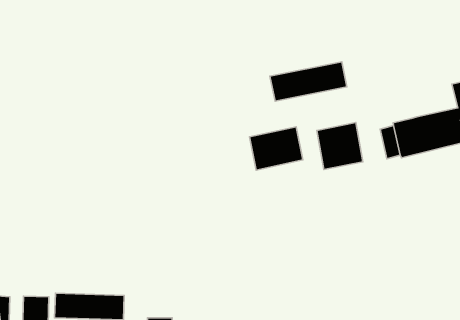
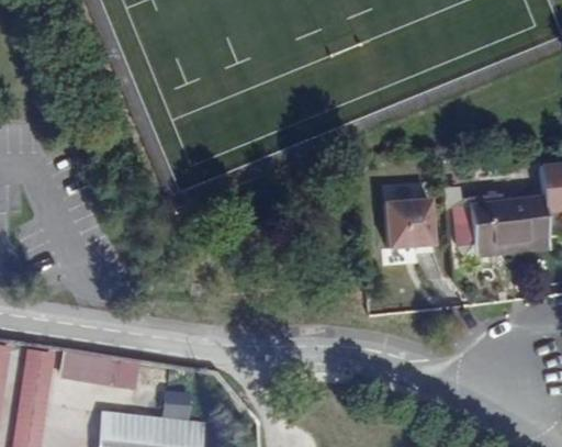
building: [270,62,347,101] -> none
building: [249,127,303,170] -> none

